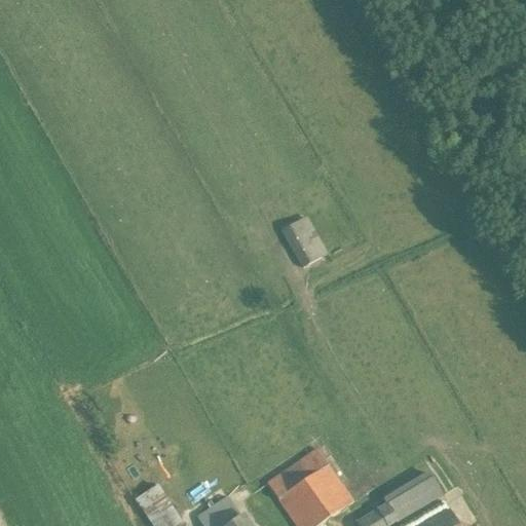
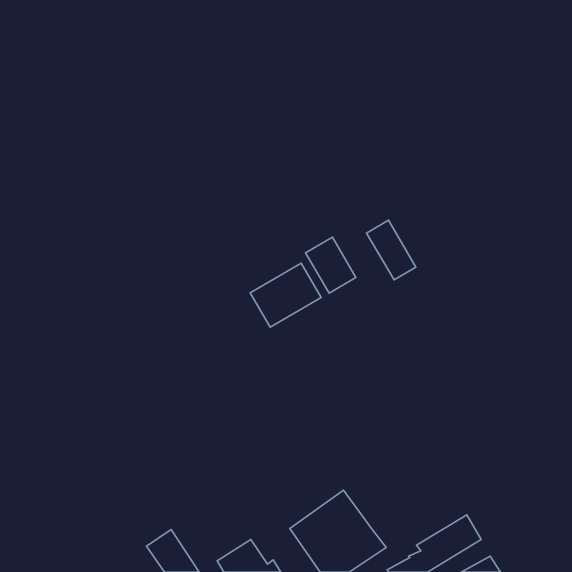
building: none -> [367,220,416,280]
building: none -> [250,263,321,327]

